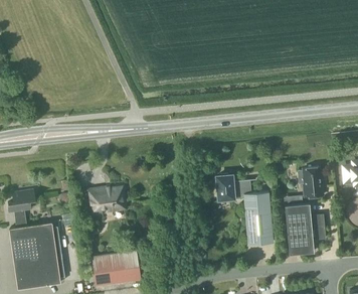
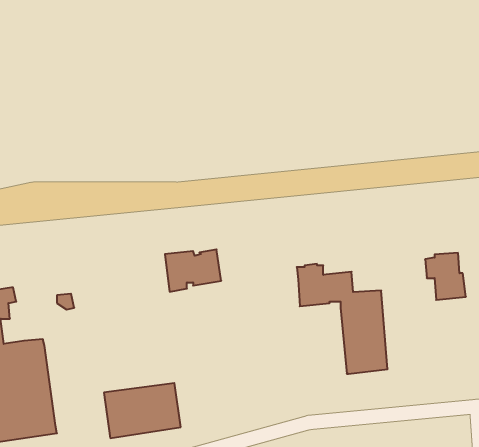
building: [88,188,125,215] -> [165,249,221,292]
building: [285,203,325,255] -> none

